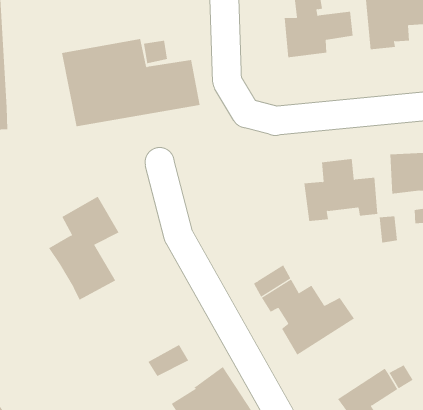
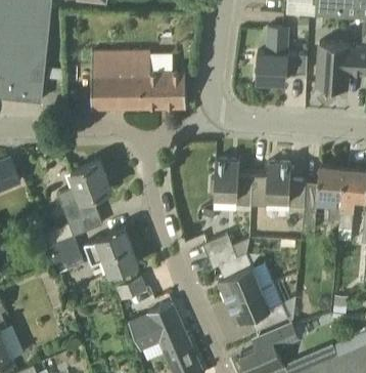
building: none -> [210,160,251,205]
building: none -> [83,229,138,274]
building: none -> [48,236,84,274]
building: none -> [226,282,287,331]

